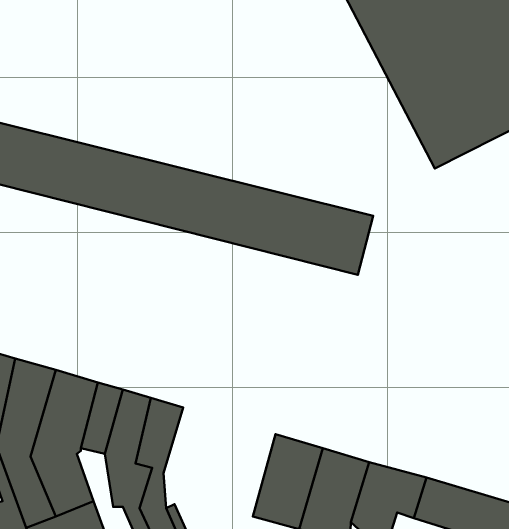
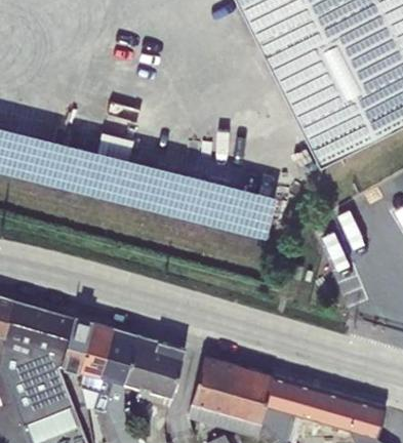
building: none -> [122,337,185,409]

